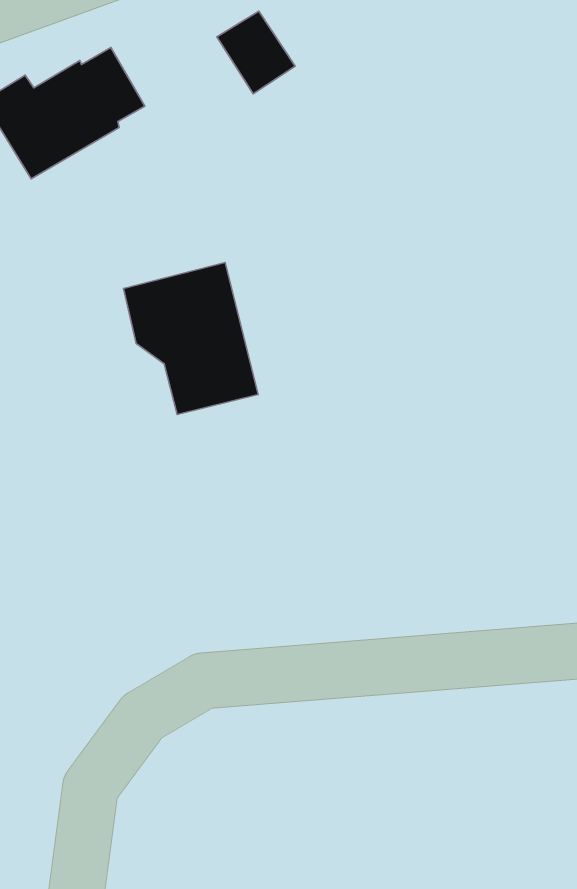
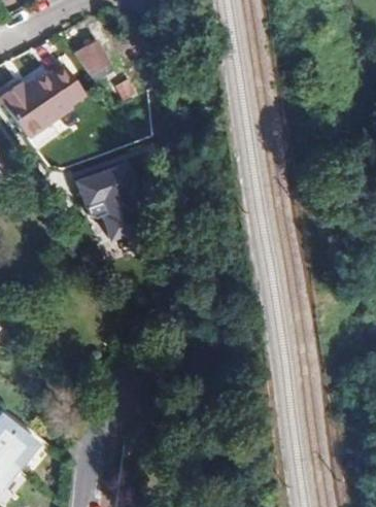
building: [217,11,295,94] -> [79,40,122,83]

